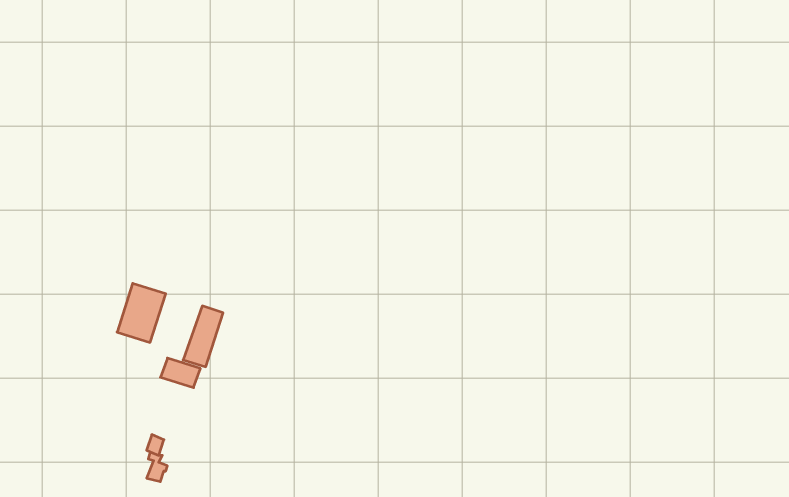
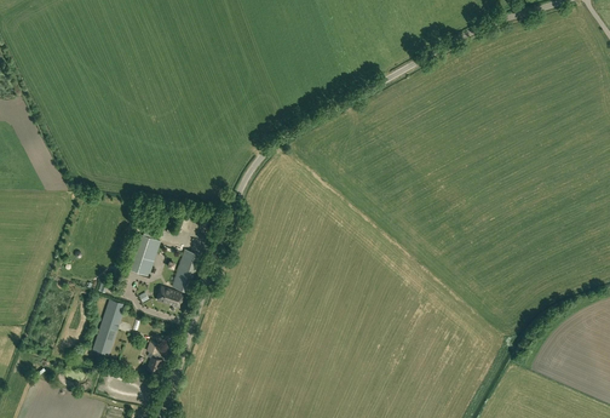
building: none -> [92,299,126,356]

